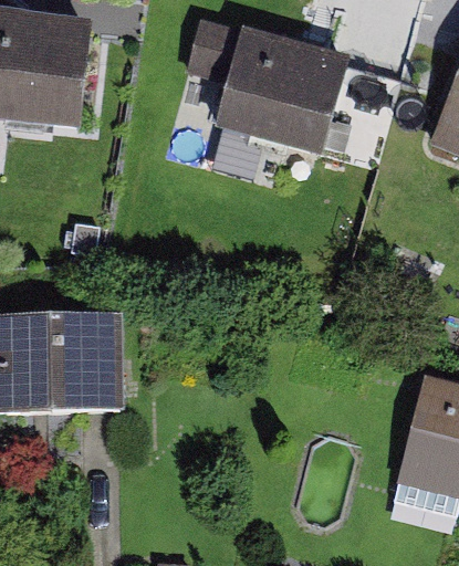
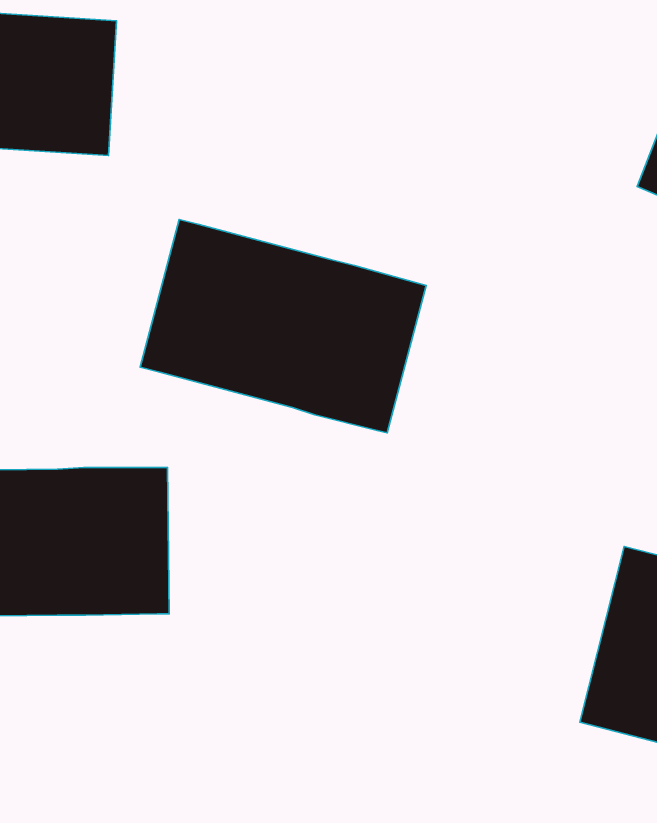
building: [222,27,350,143] -> none
building: none -> [140,220,426,433]

